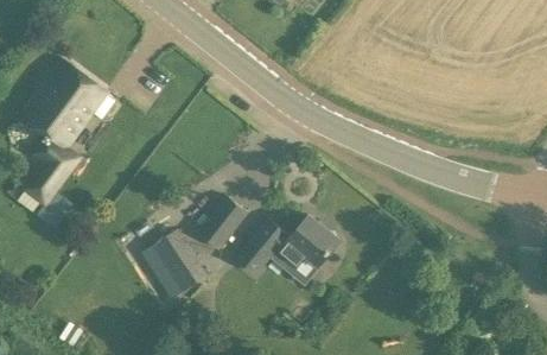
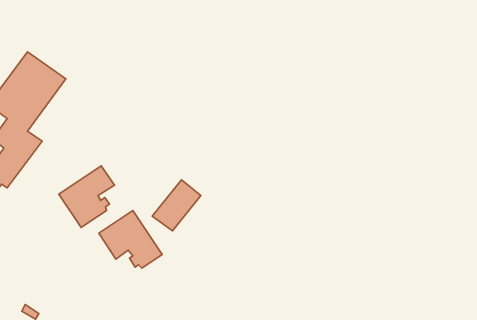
building: none -> [59,166,114,228]
building: [234,215,339,277] -> none

